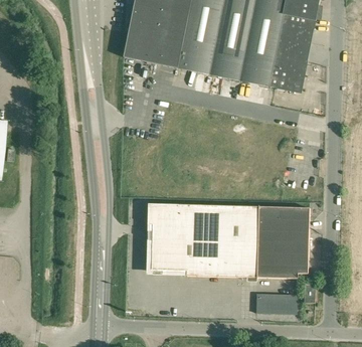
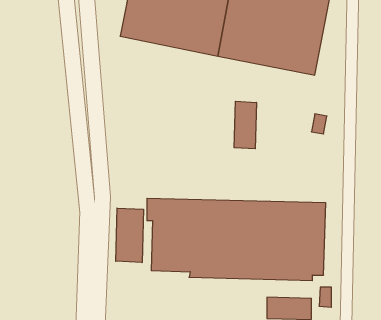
building: none -> [234,101,256,149]
building: none -> [116,208,143,263]

